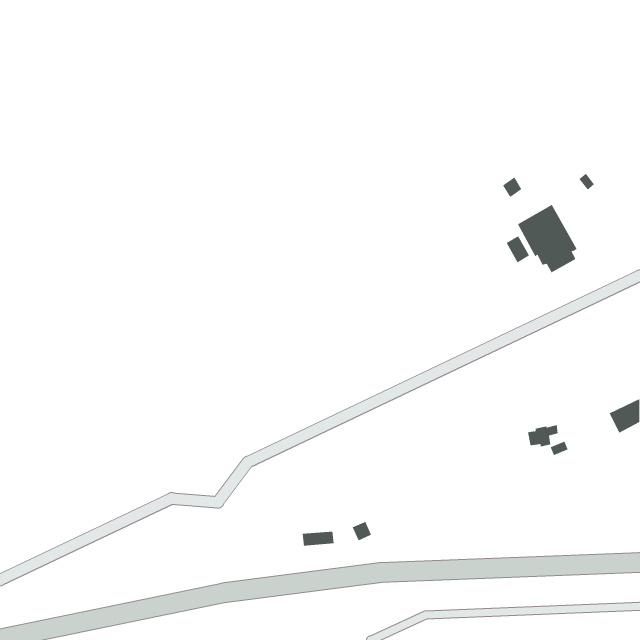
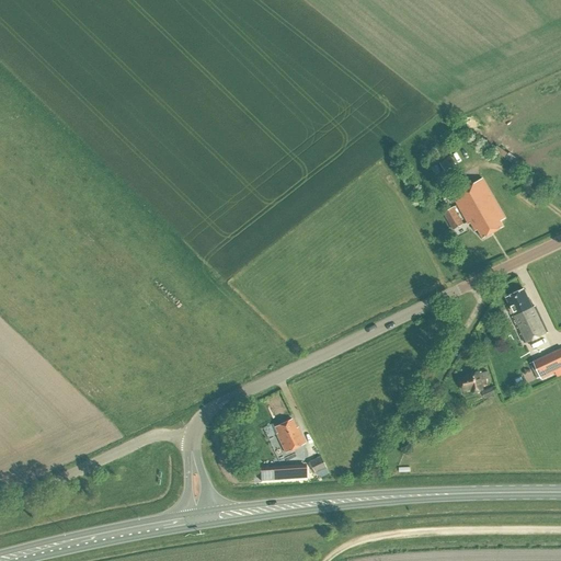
building: none -> [507,289,548,343]
building: none -> [274,419,305,453]

